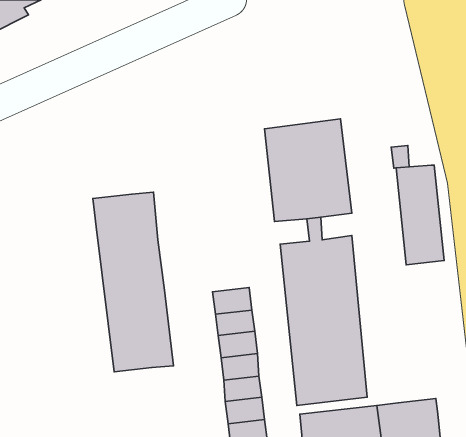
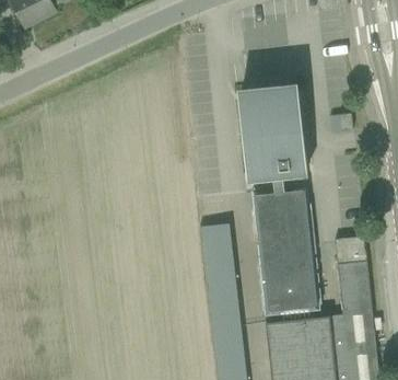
building: [396,165,444,265] -> [336,238,373,315]
building: [93,192,174,372] -> none

